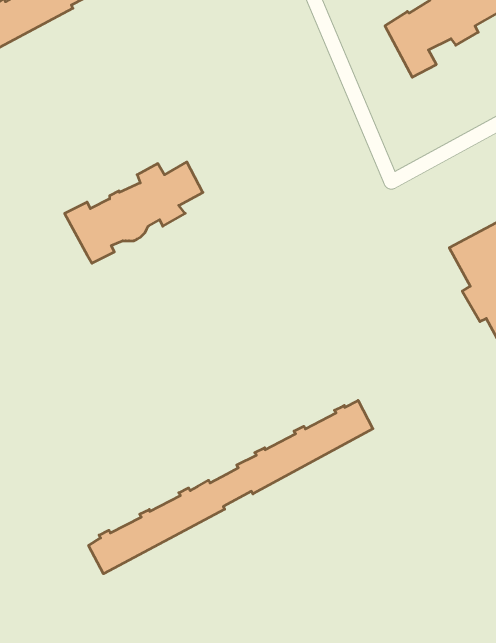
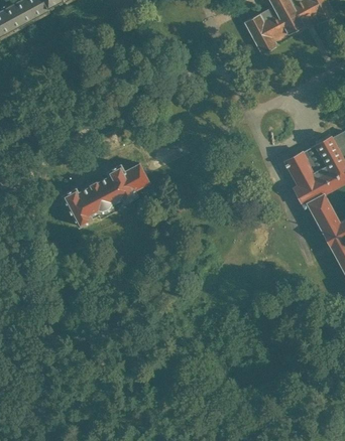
building: [65,162,203,263] -> [63,164,149,228]
building: [89,400,373,574] -> none

